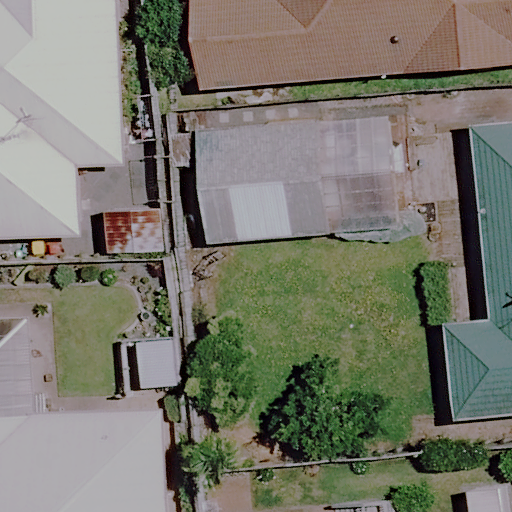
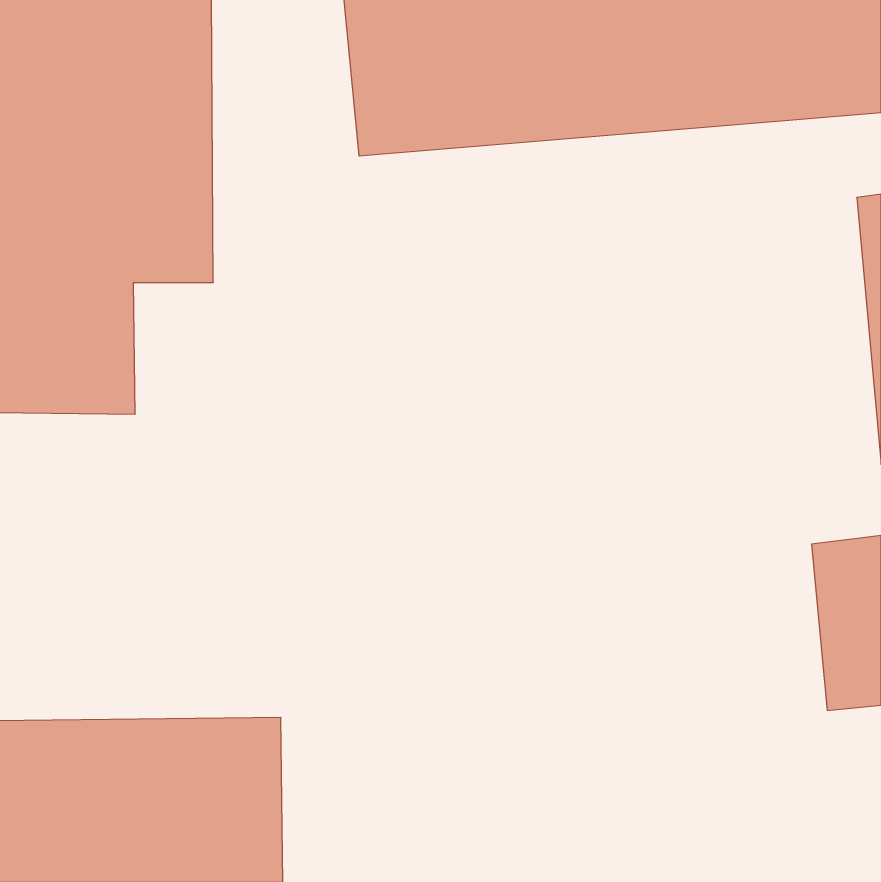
building: [189,122,329,242] -> none

